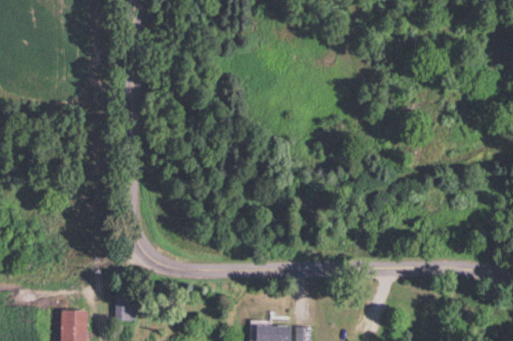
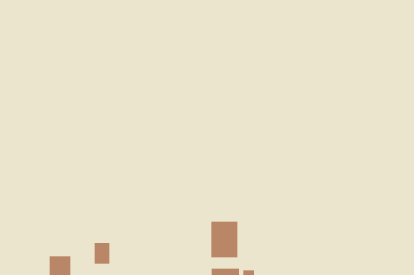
building: none -> [211,221,238,258]

